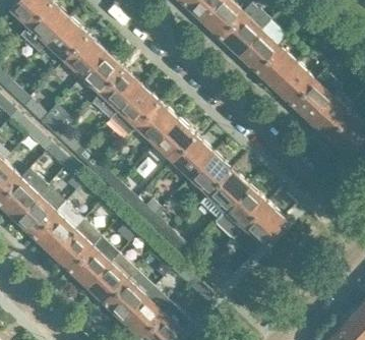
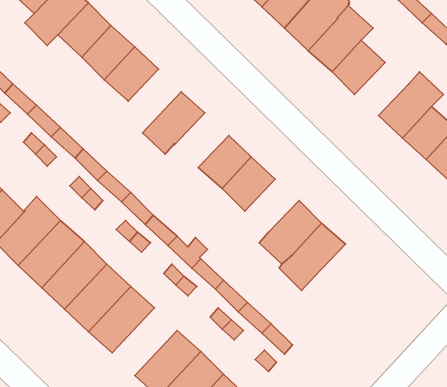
building: [273,65,315,106] -> none
building: [92,70,140,119] -> none
building: [135,104,177,146] -> none
building: [189,155,231,195] -> none
building: [233,205,285,258] -> none
building: [87,253,137,305] -> none

